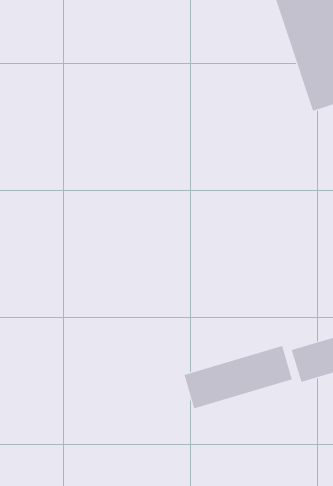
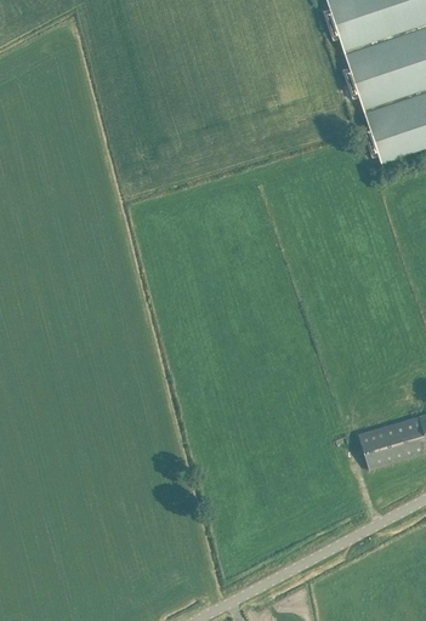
building: [184,345,293,409] -> none

